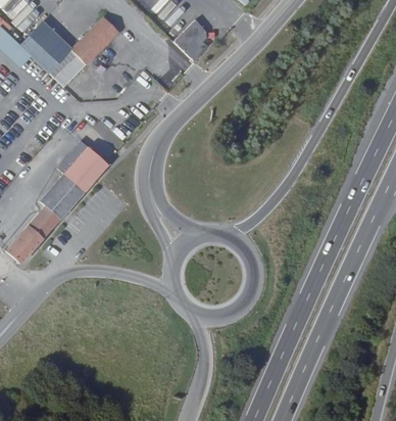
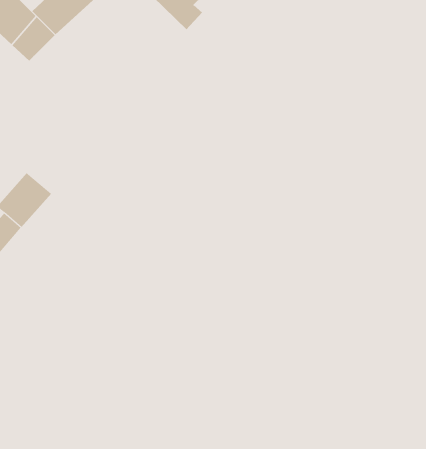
building: [55,144,105,194] -> none

